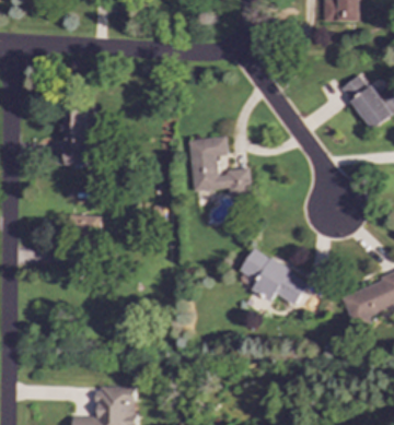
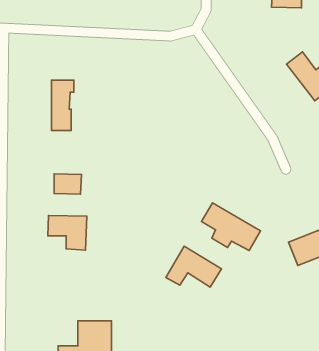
building: [189,137,252,196] -> none
building: none -> [48,215,87,250]
building: none -> [166,246,222,287]

